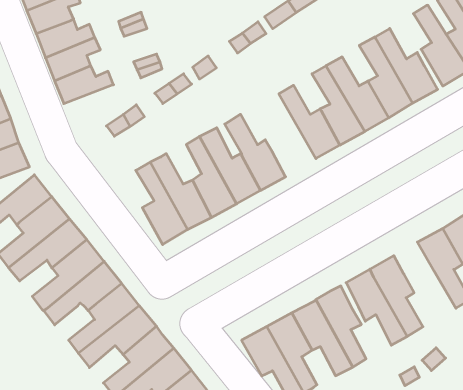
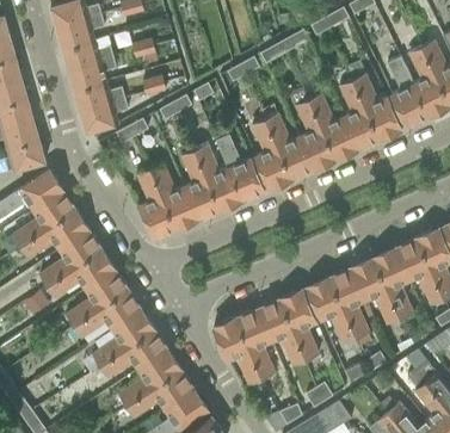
building: none -> [81,99,128,132]
building: none -> [252,120,292,190]
building: none -> [351,259,400,324]

